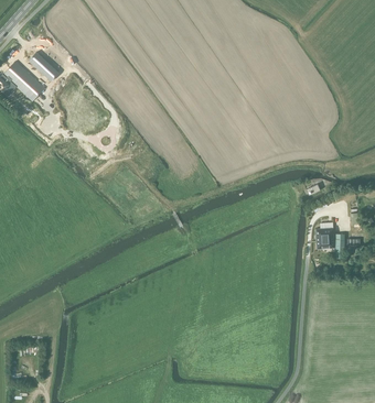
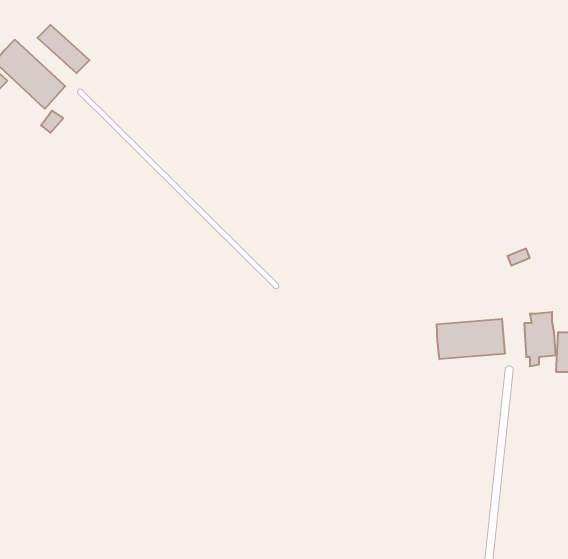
building: none -> [437,319,505,359]

